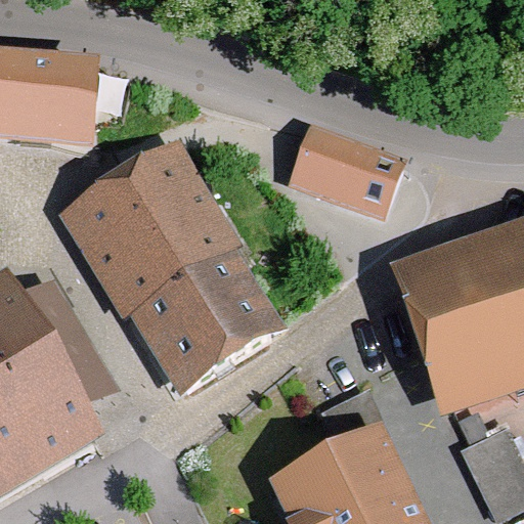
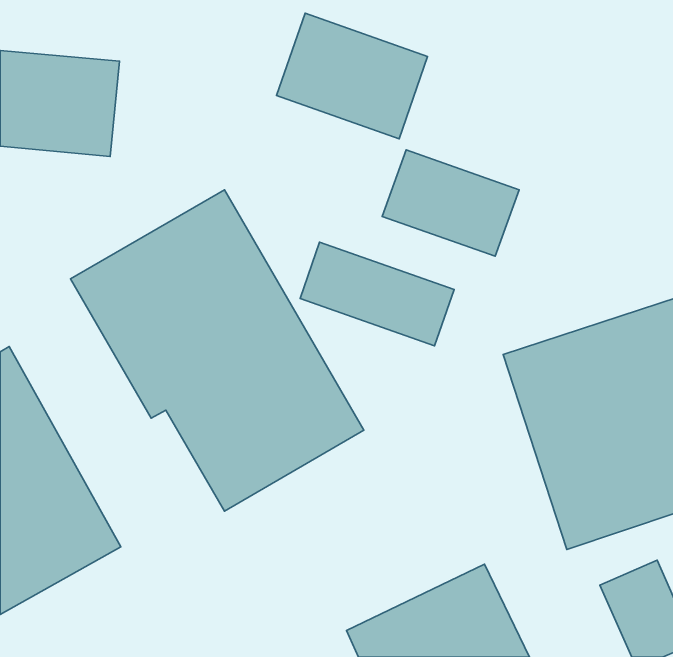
building: none -> [277,13,428,139]
building: none -> [300,242,454,346]

